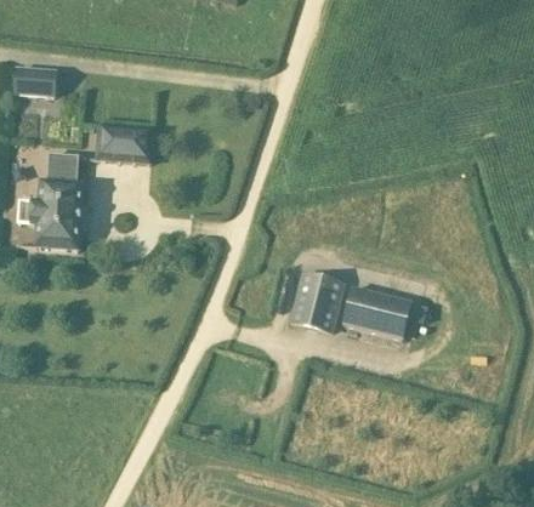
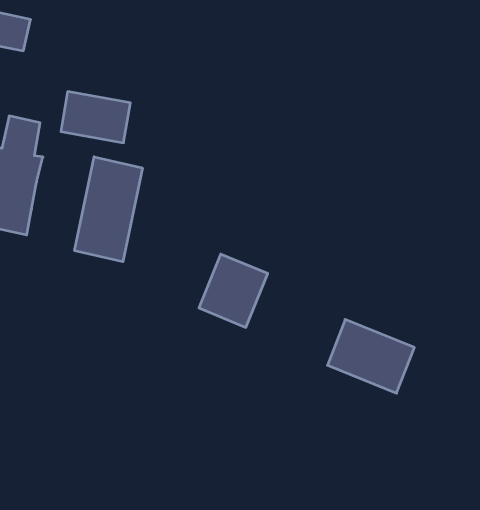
building: none -> [75,157,142,262]
building: [283,270,336,329] -> [199,254,268,327]

